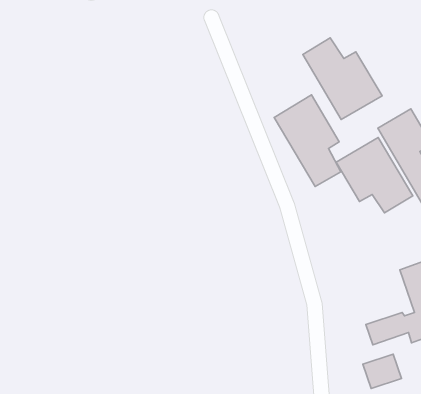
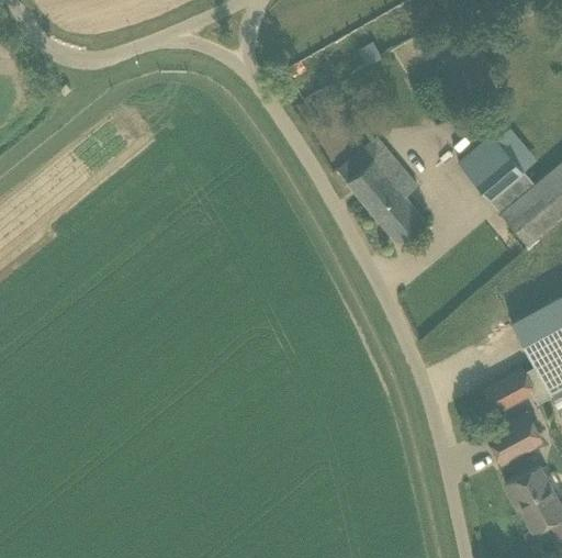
building: [303,38,382,120] -> none
building: [336,137,413,213] -> none

